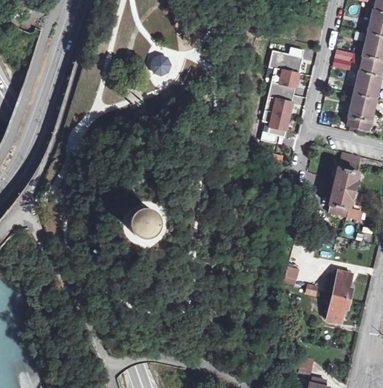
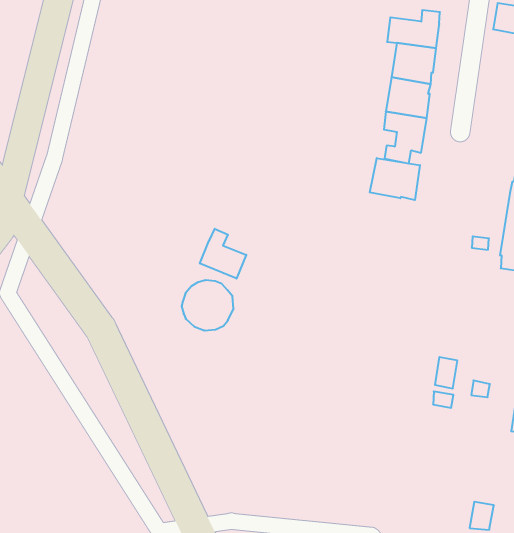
building: none -> [370,158,420,200]
building: none -> [200,229,246,279]

